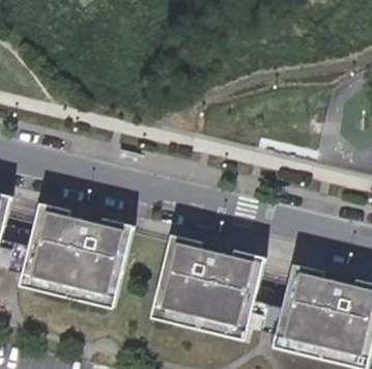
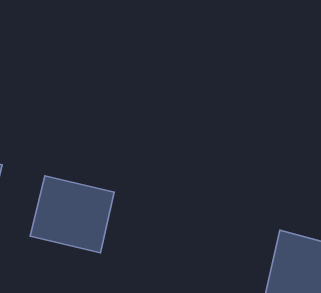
building: [167,245,258,327] -> none

